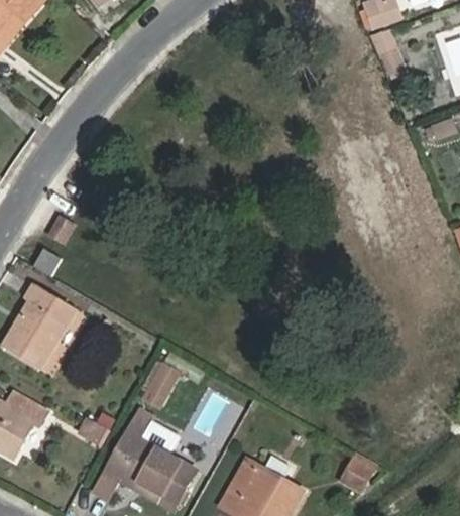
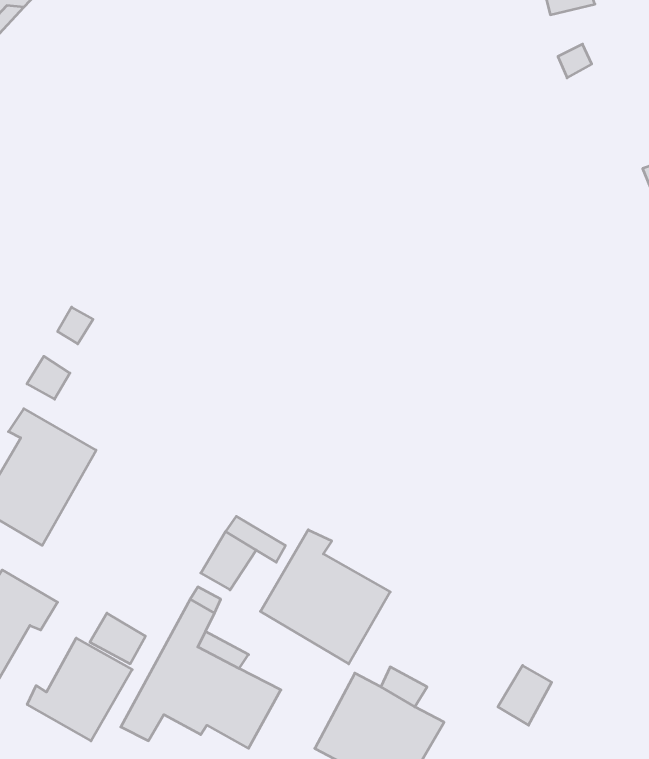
building: none -> [260,530,390,664]
building: none -> [27,638,132,741]

